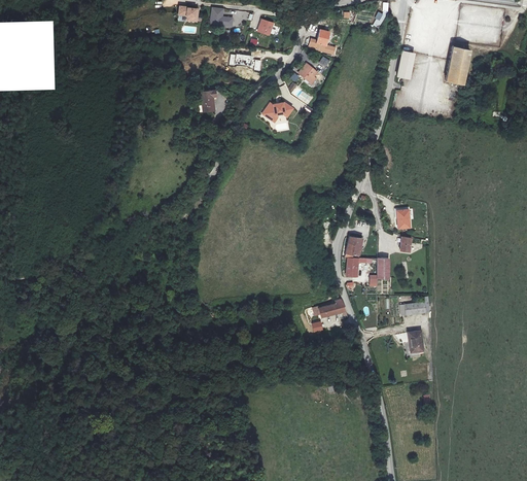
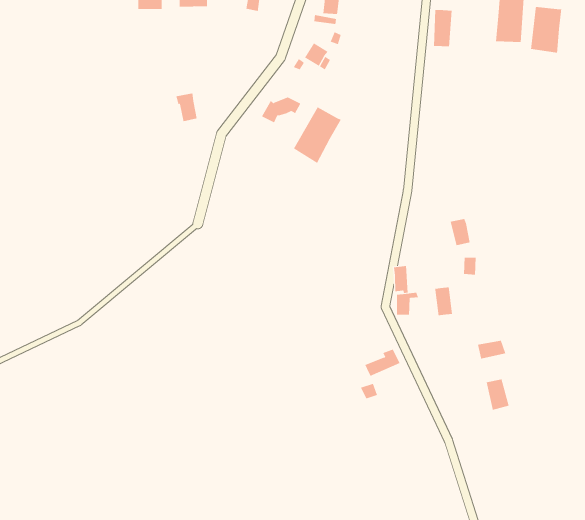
building: none -> [530,6,562,53]
building: none -> [293,107,342,164]

